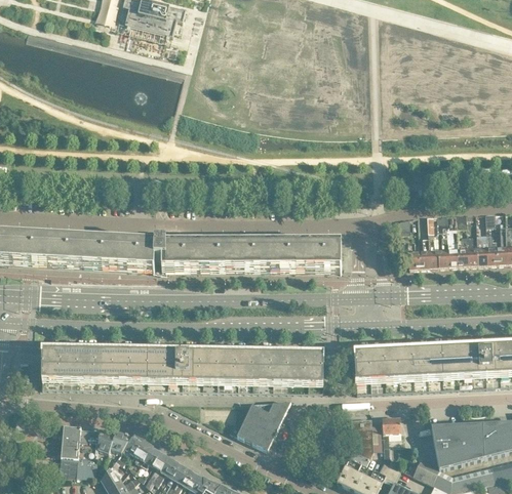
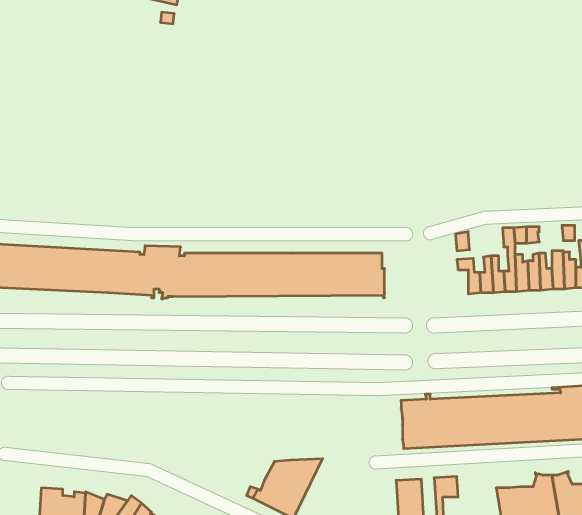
building: [41,346,323,389] -> none

